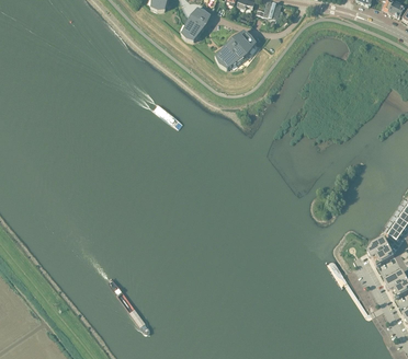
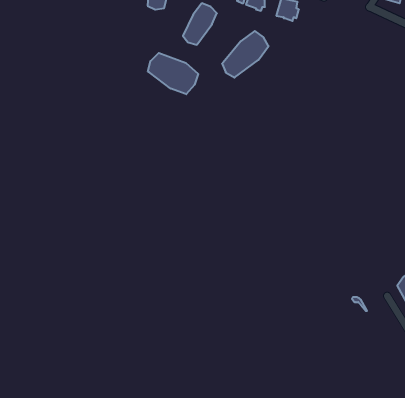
building: none -> [148,53,198,94]

